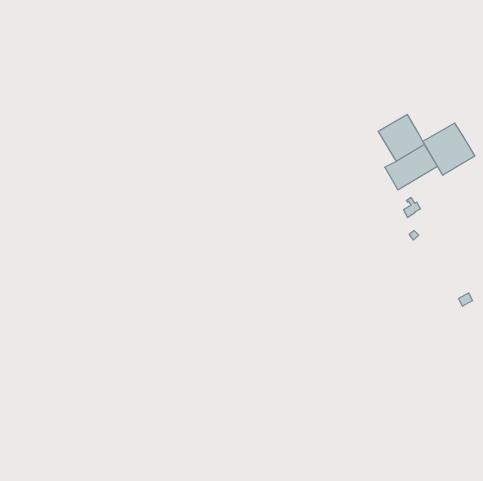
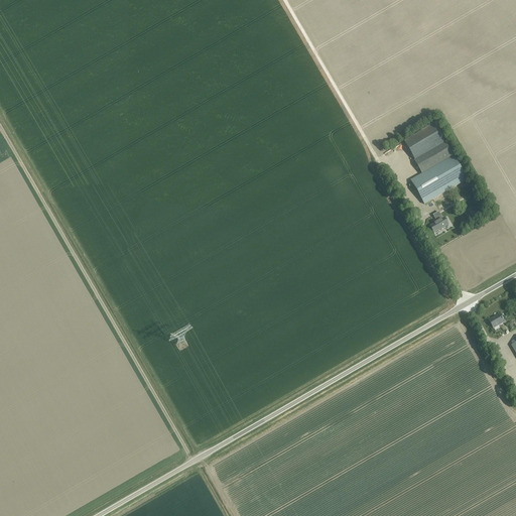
building: [423,123,475,175] -> none

